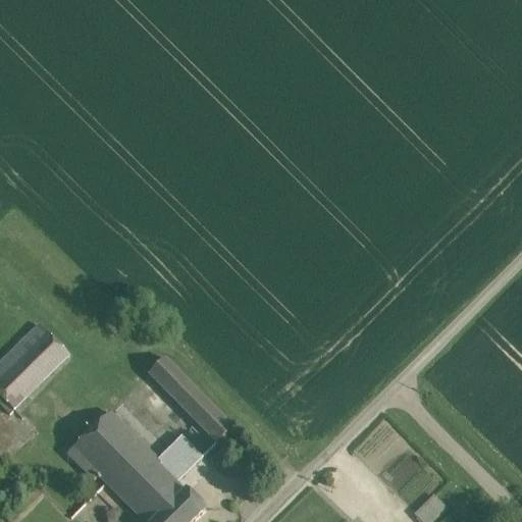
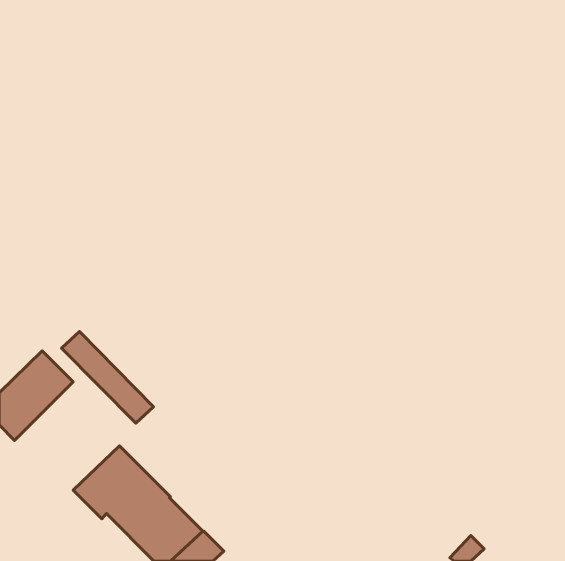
building: [149,357,233,441] -> [62,331,154,423]
building: [156,434,203,481] -> none

